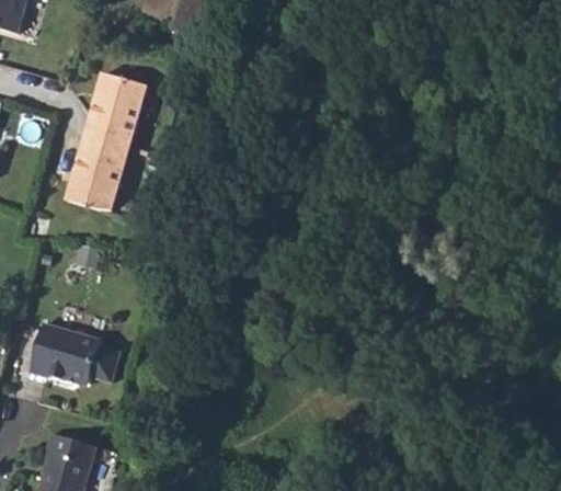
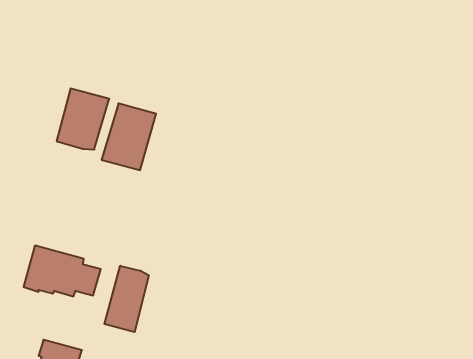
building: [83,75,147,152] -> [102,103,156,170]
building: none -> [104,266,149,332]

